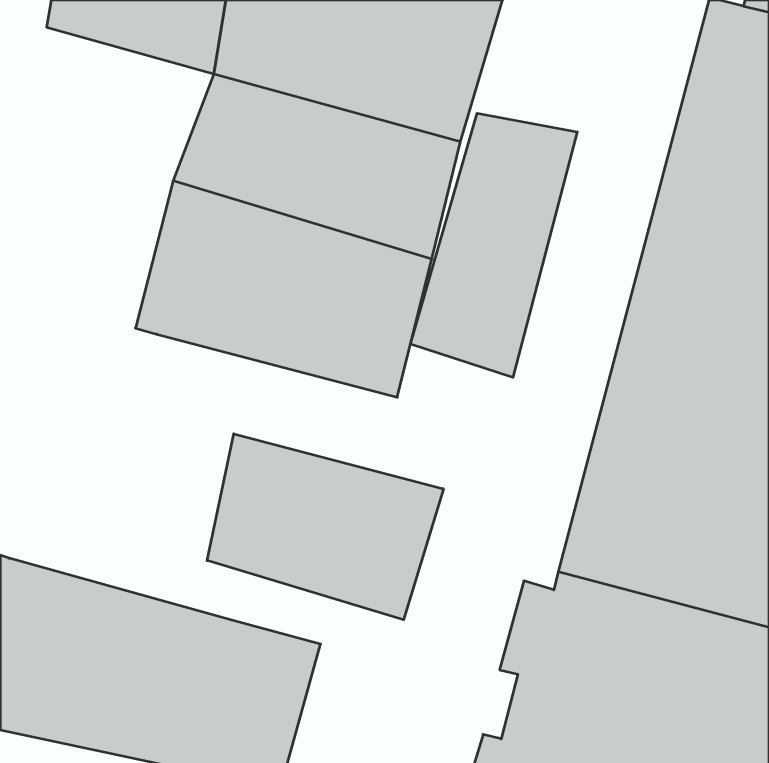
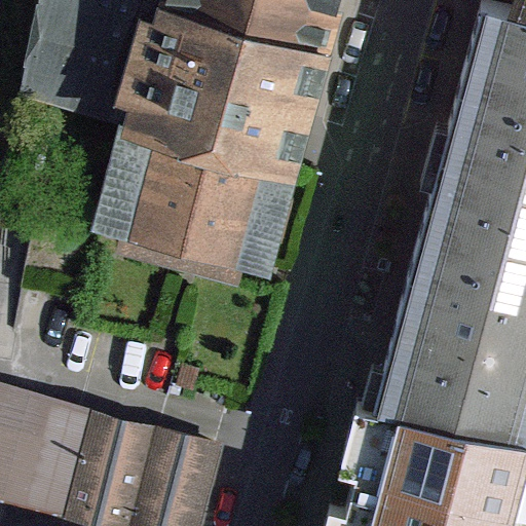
building: none -> [18,23,146,127]
building: [411,113,577,377] -> none
building: [207,434,443,620] -> none

